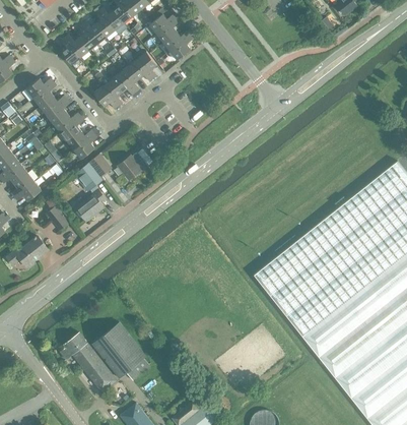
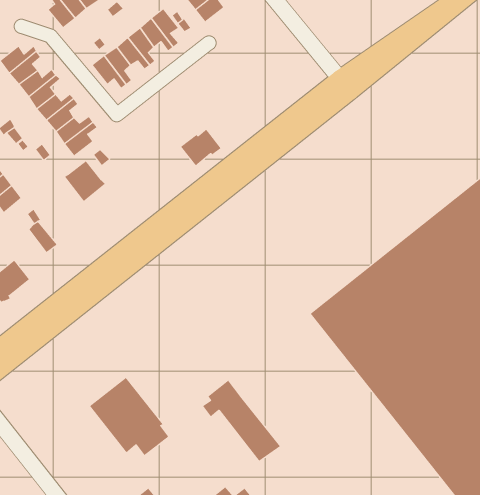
building: [118,151,148,179] -> [180,129,222,166]
building: [75,187,106,220] -> none
building: [60,331,118,391] -> [202,380,281,461]

